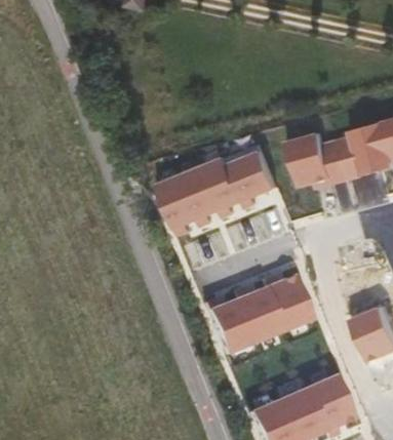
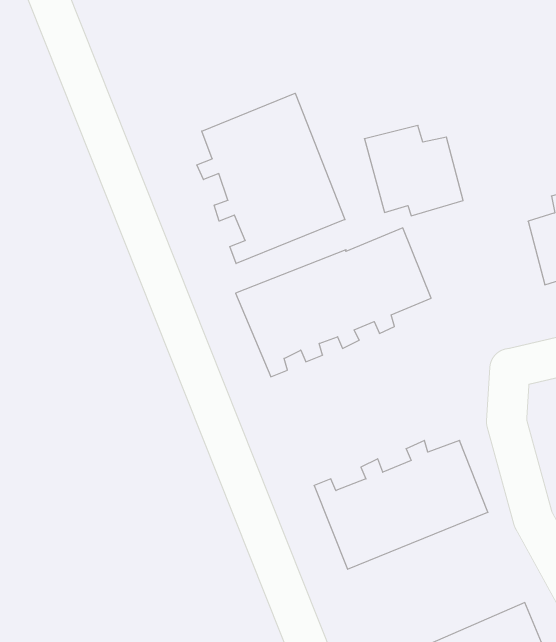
building: none -> [197,93,345,264]
building: [286,133,347,189] -> [364,125,463,216]

